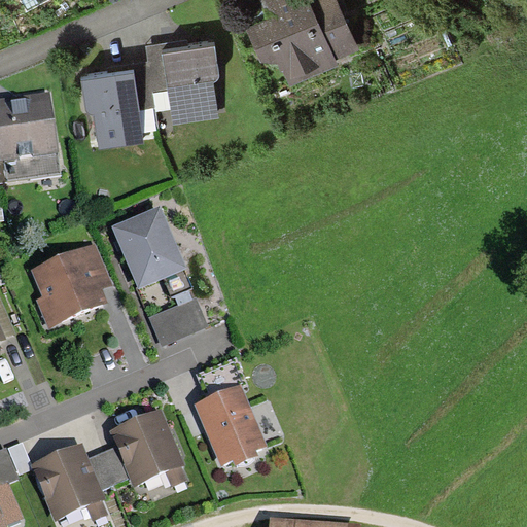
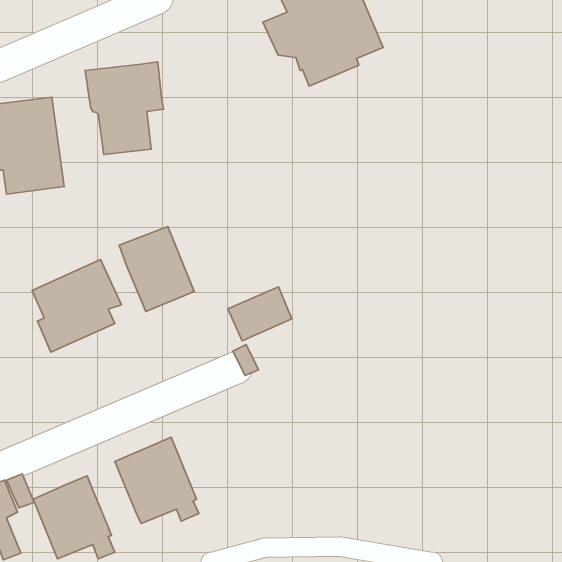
building: [145,36,217,118] -> none
building: [147,296,207,347] -> [228,287,292,341]
building: [195,359,266,466] -> none
building: [87,448,127,489] -> none

